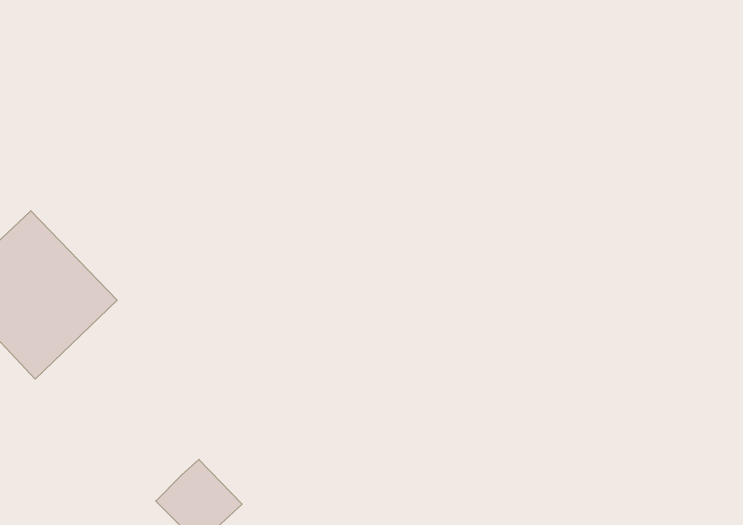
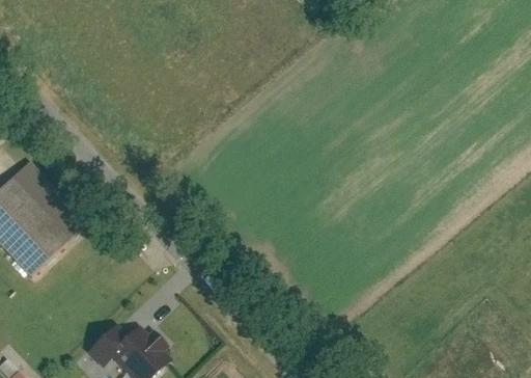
building: none -> [81,324,125,368]

